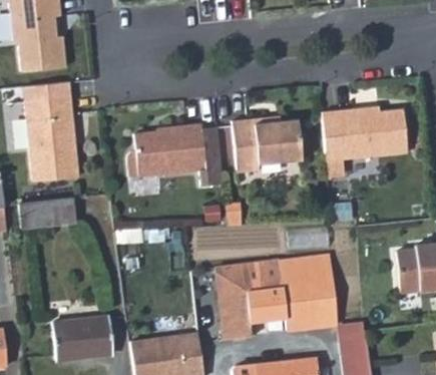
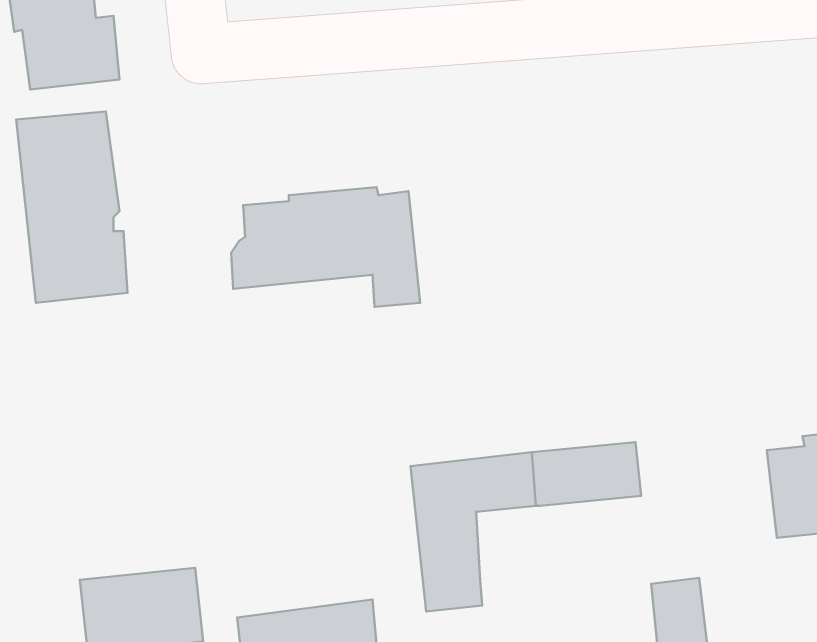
building: [319,106,405,160] -> none
building: [231,116,301,170] -> none
building: [22,201,80,234] -> none
building: [251,280,339,330] -> none

